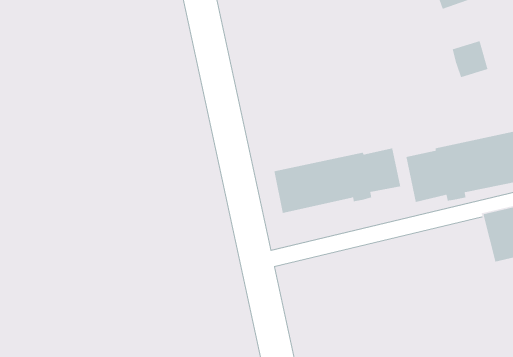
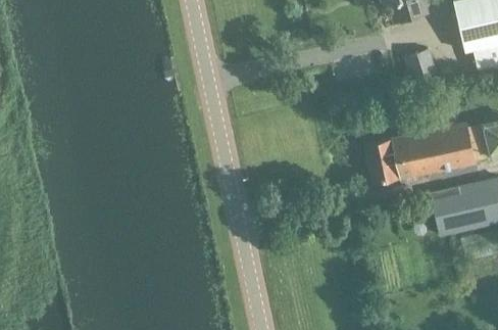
building: [273,147,401,214] -> none

